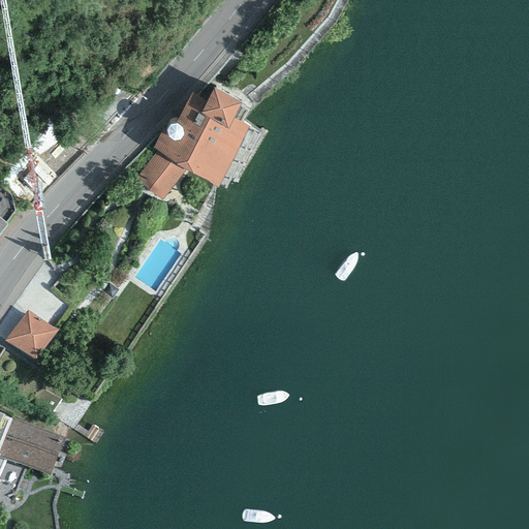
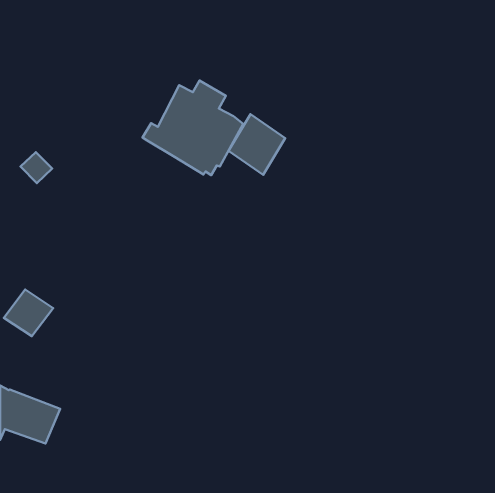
building: none -> [228,114,285,175]
building: [136,150,186,198] -> none

